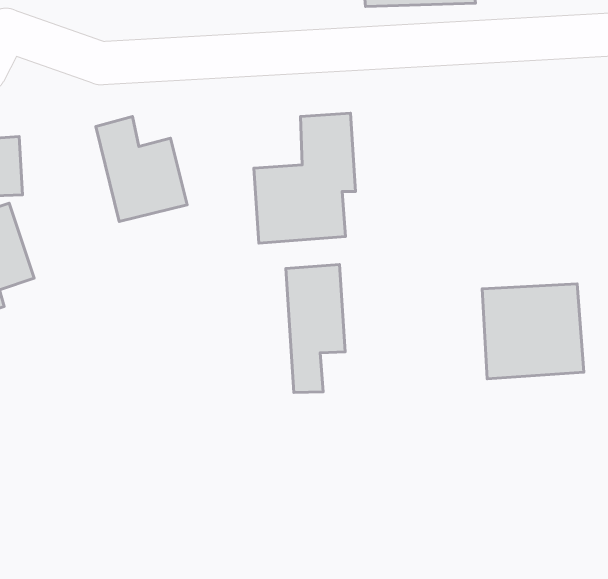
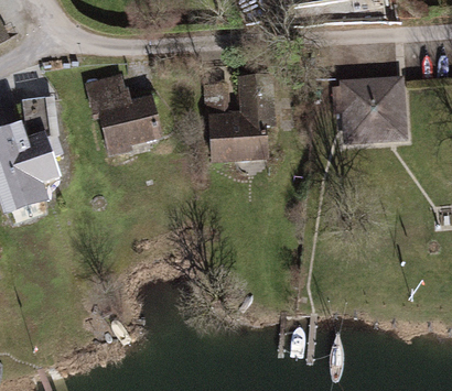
building: [286,265,345,392] -> none
building: [482,284,584,379] -> [338,76,406,139]

